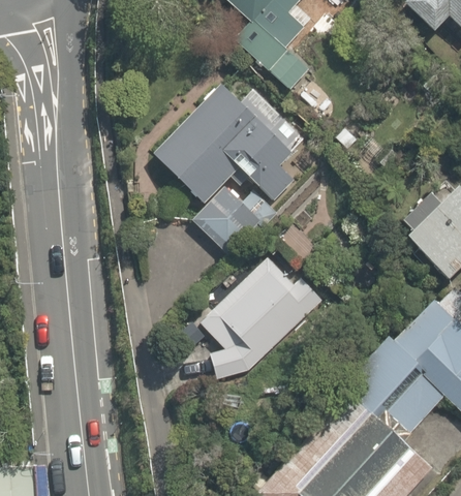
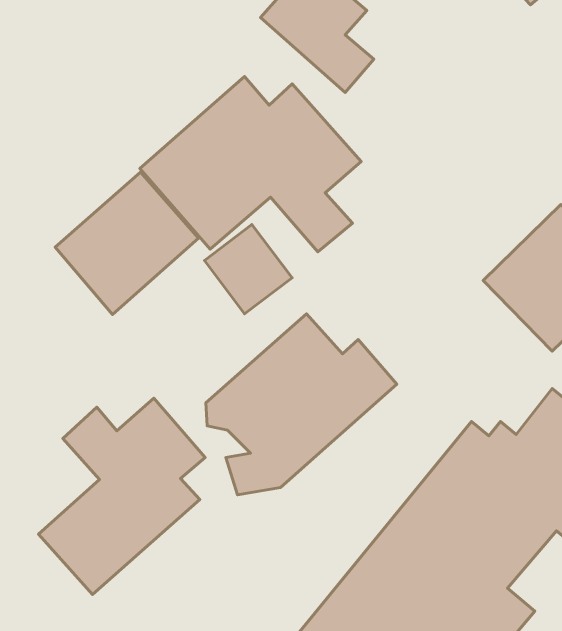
building: none -> [55,172,198,314]
building: none -> [39,398,205,595]

